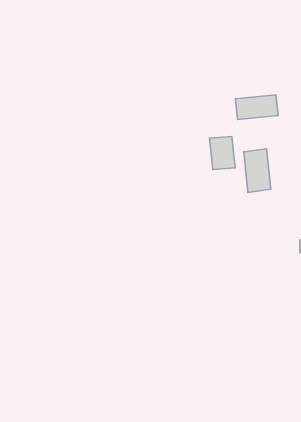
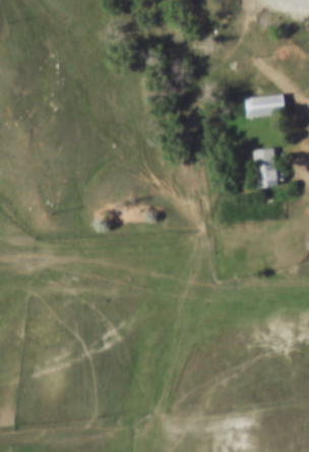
building: [209,136,235,170] -> none

